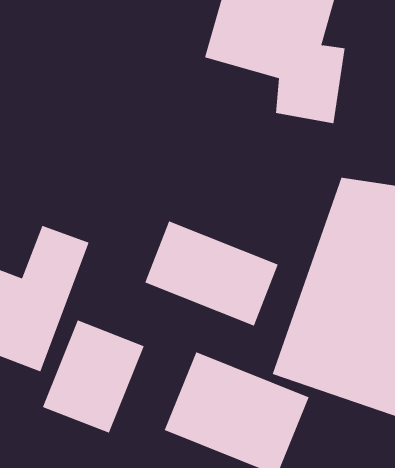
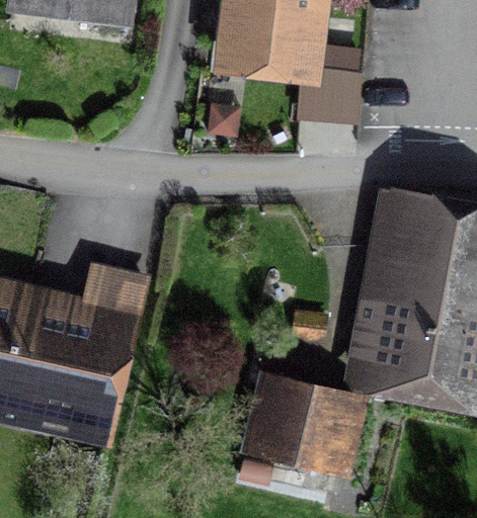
building: [145,220,278,327] -> none
building: [42,320,144,434] -> none

